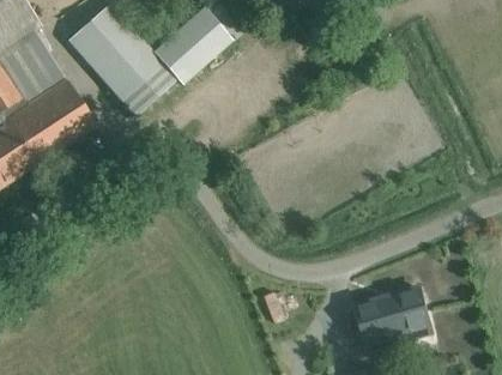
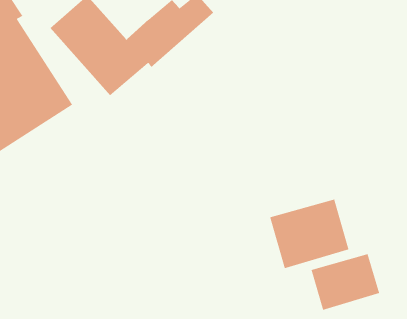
building: none -> [269,199,349,269]

